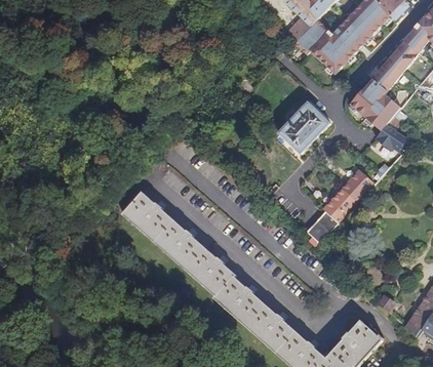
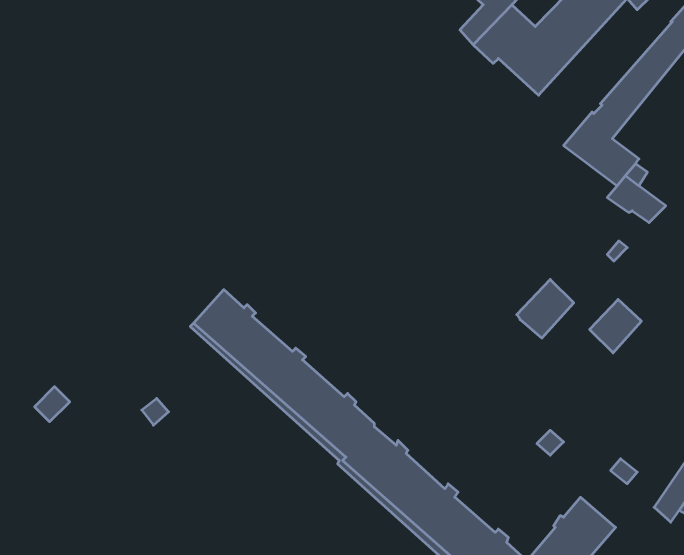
building: [276,100,327,153] -> none
building: [342,167,373,200] -> [590,299,641,353]
building: [305,210,338,243] -> none

